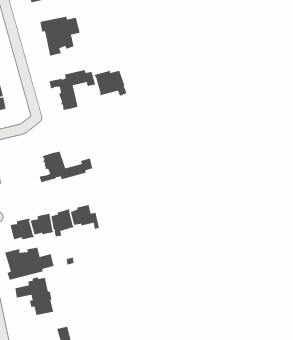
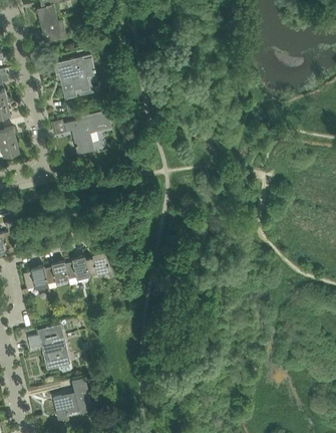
building: [93,70,128,97] -> none
building: [39,151,93,183] -> none
building: [4,247,54,281] -> none

